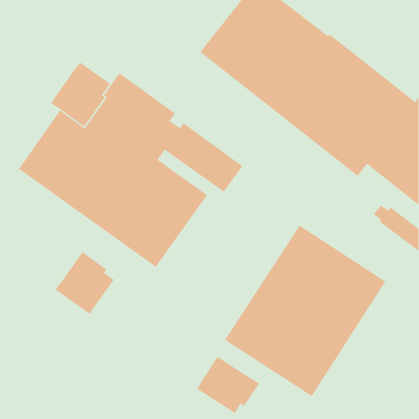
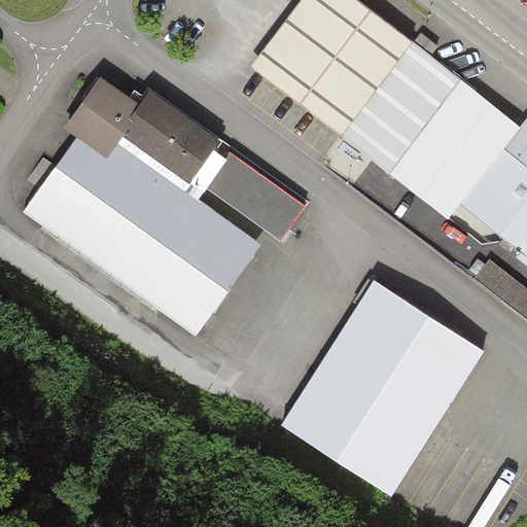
building: [55,251,114,314] -> none
building: [197,356,260,414] -> none

